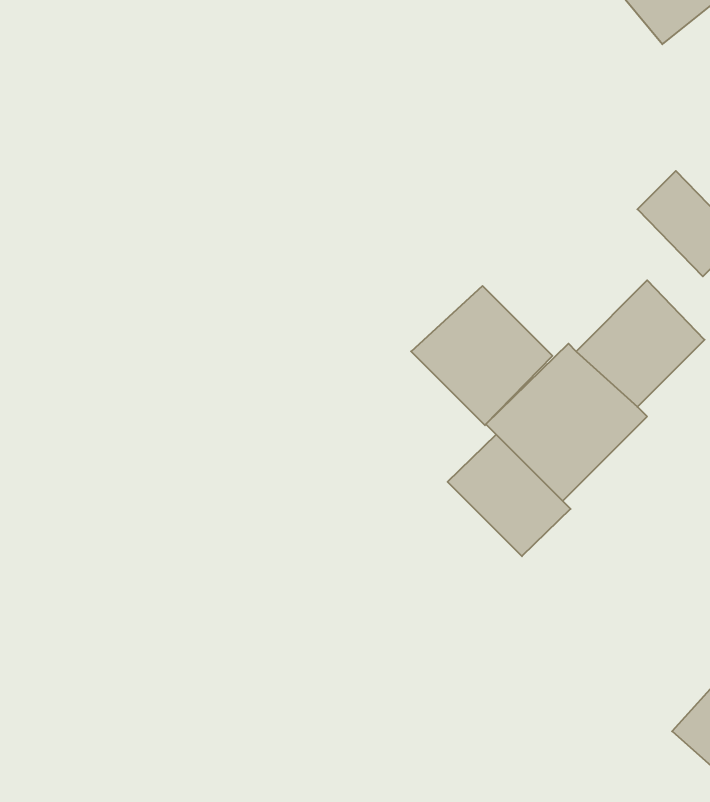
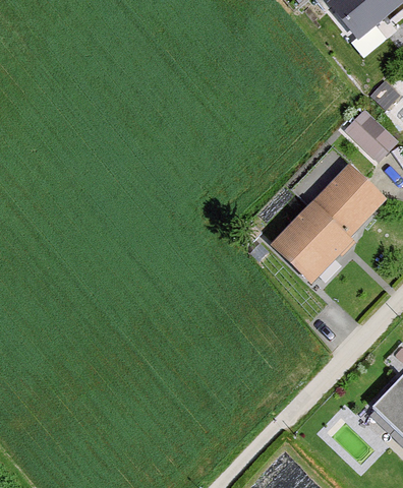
building: [411,286,552,425] -> none
building: [448,435,571,556] -> none

